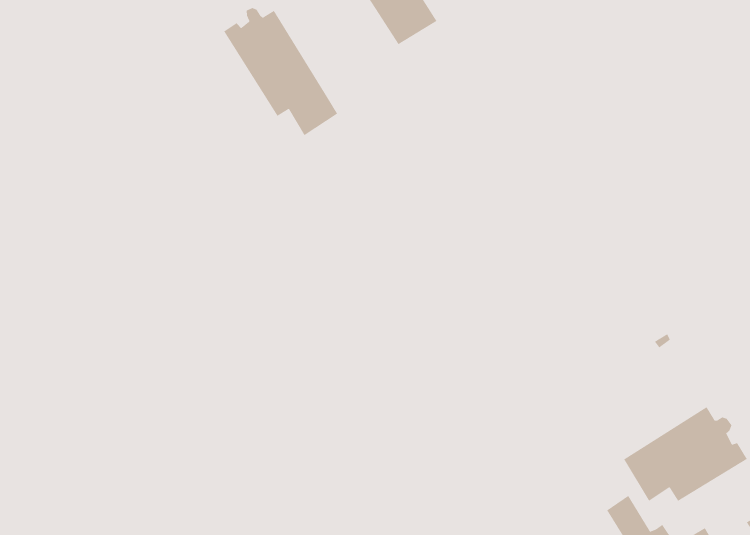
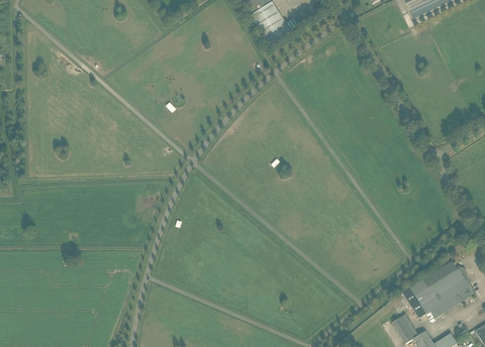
building: [223,7,338,136] -> none

